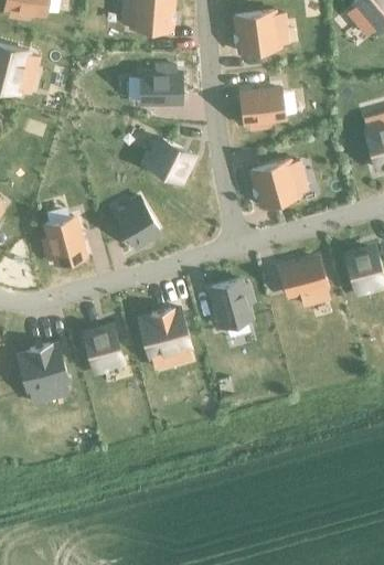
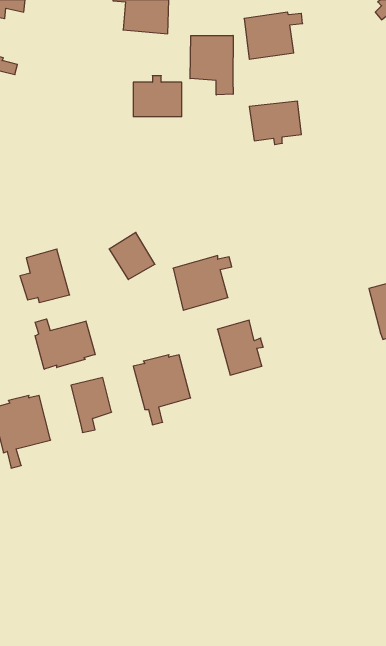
building: none -> [190,35,233,95]
building: [149,140,189,180] -> none
building: [250,159,301,206] -> [173,256,232,310]
building: [279,259,327,307] -> none
building: none -> [35,319,95,369]

